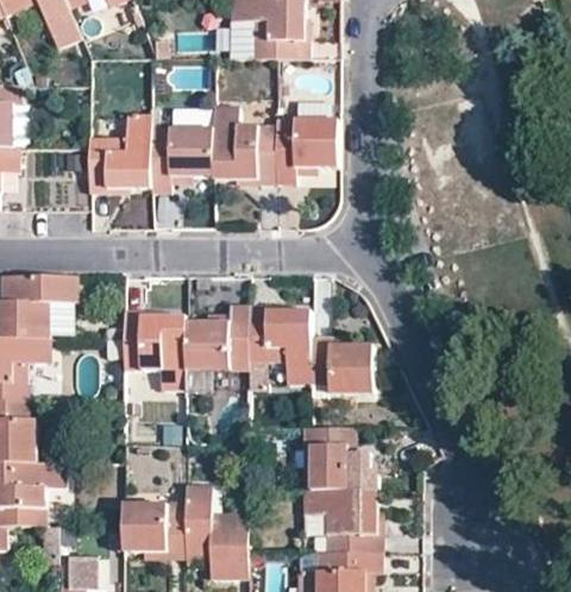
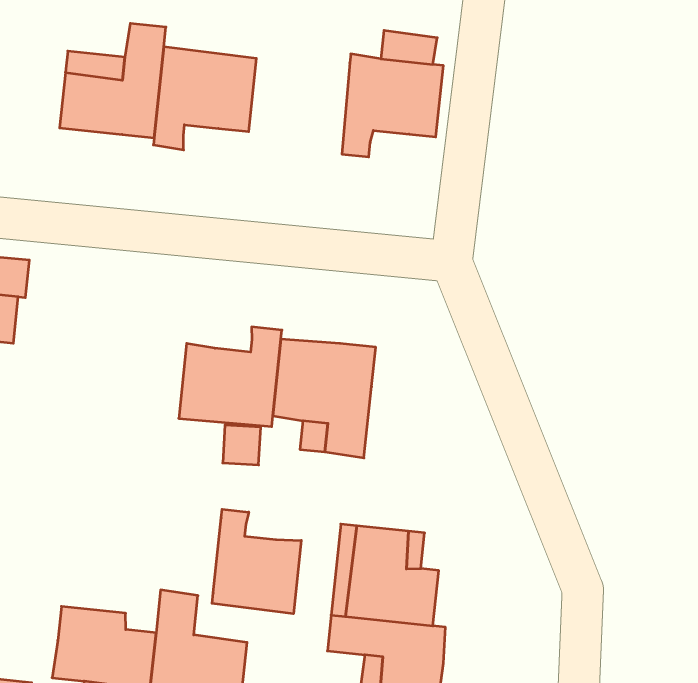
building: [213,103,276,184] -> none
building: [124,315,187,390] -> none
building: [312,335,374,393] -> none
building: none -> [212,509,301,614]

